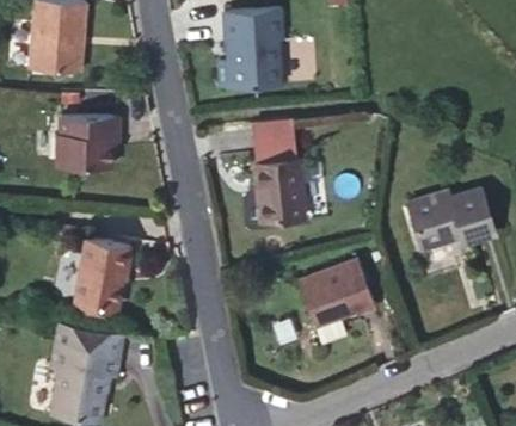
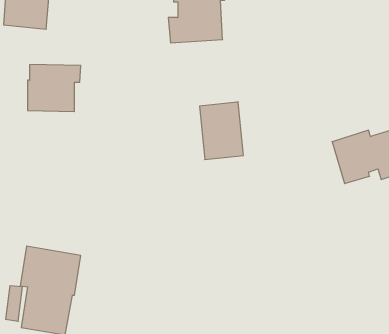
building: [252,121,299,163] -> none
building: [76,239,133,309] -> none
building: [300,259,376,346] -> none

